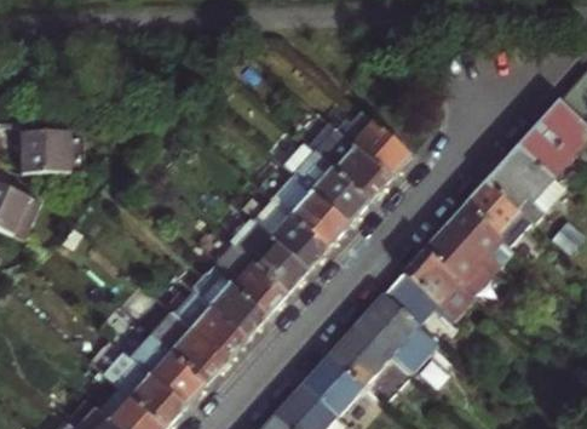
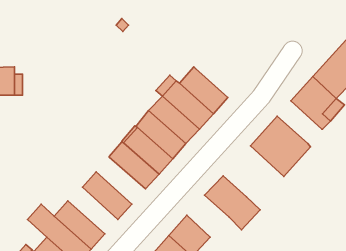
building: [340,111,409,178] -> none
building: [462,183,529,247] -> none
building: [381,251,474,327] -> none
building: [191,268,265,338] -> none
building: [149,311,224,383] -> none
building: [327,325,390,388] -> none

